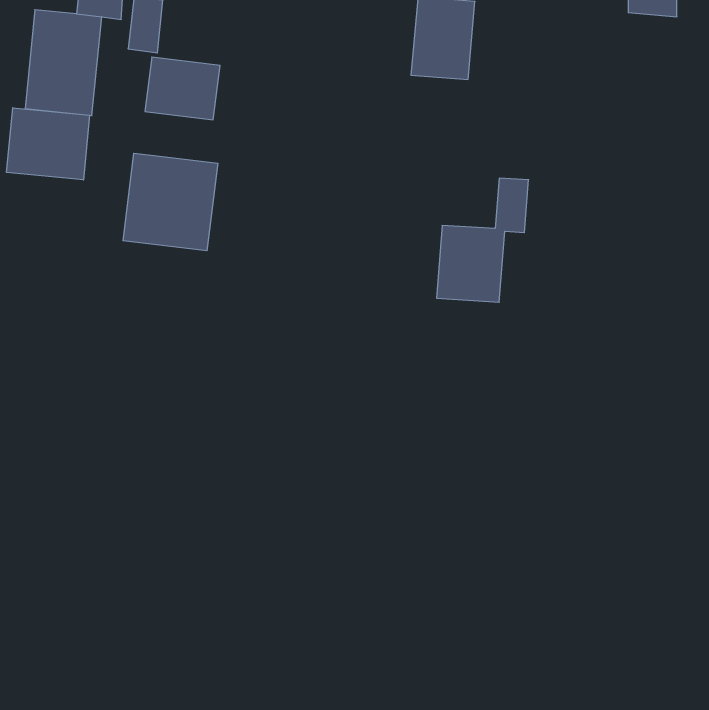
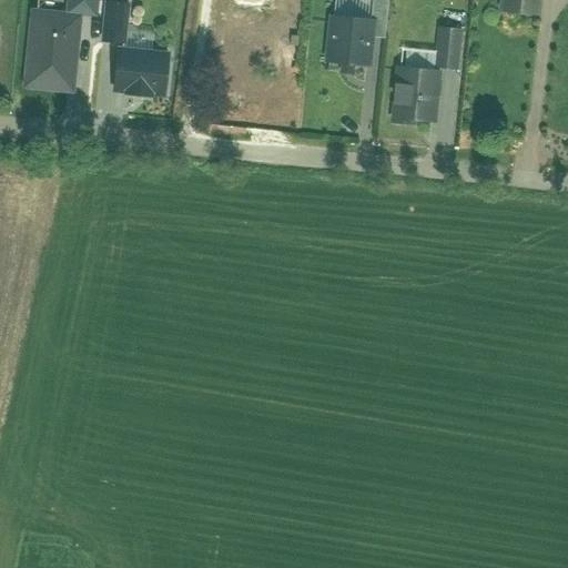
building: [7,108,89,180] -> none
building: [123,153,218,251] -> none
building: [437,178,529,302] -> [393,23,466,122]

